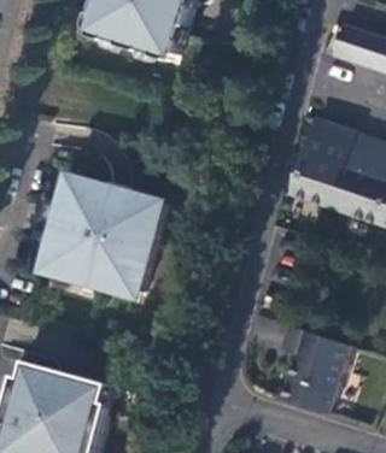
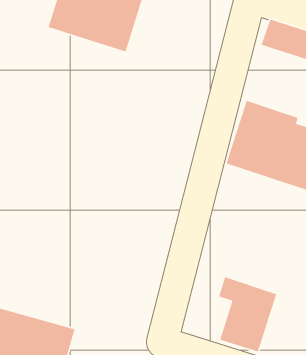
building: [37,176,164,292] -> none

